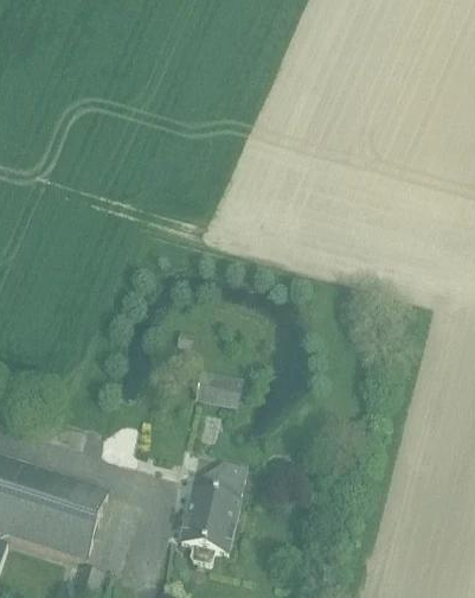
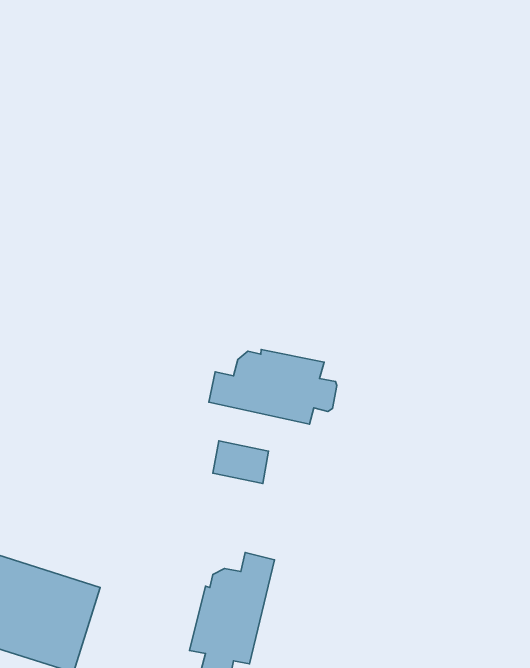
building: none -> [209,349,337,424]

